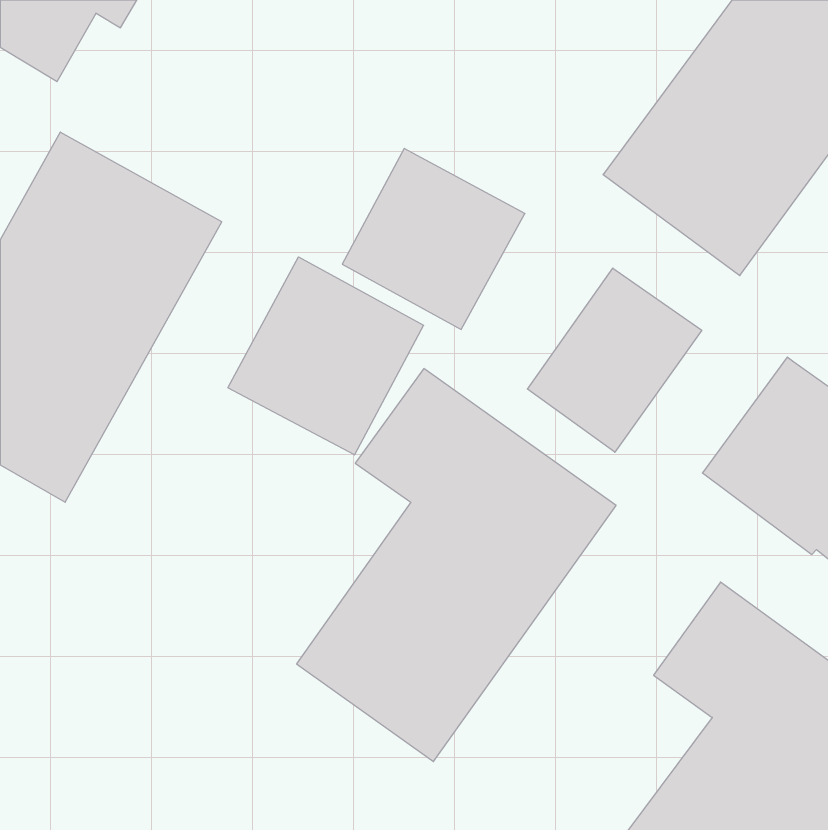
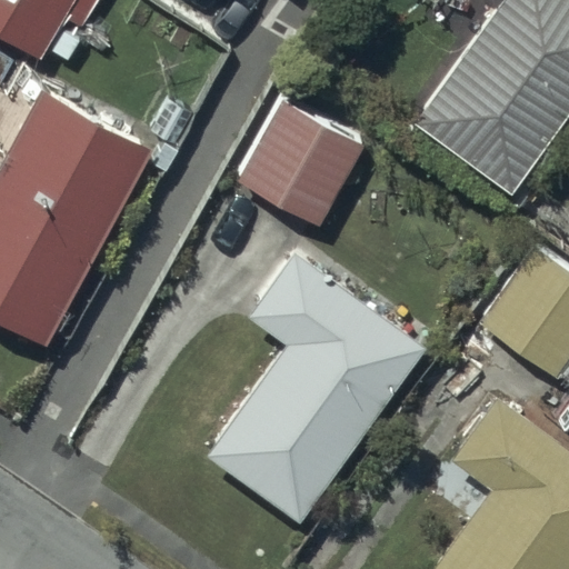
building: [228,257,424,455] -> none
building: [527,268,702,452] -> none

